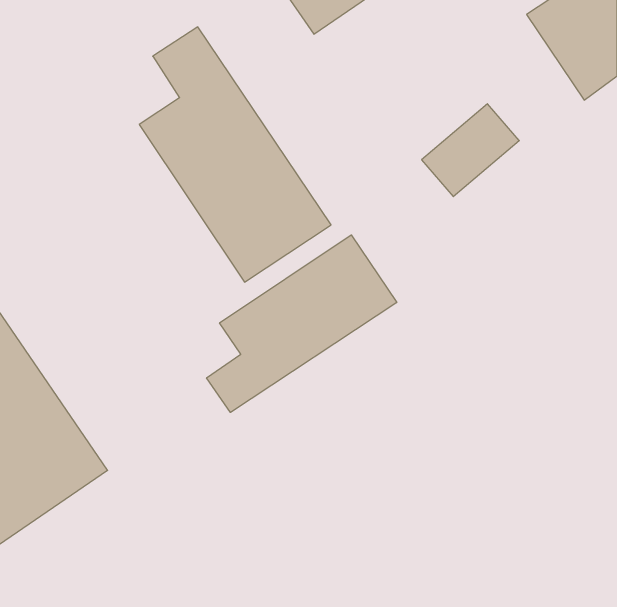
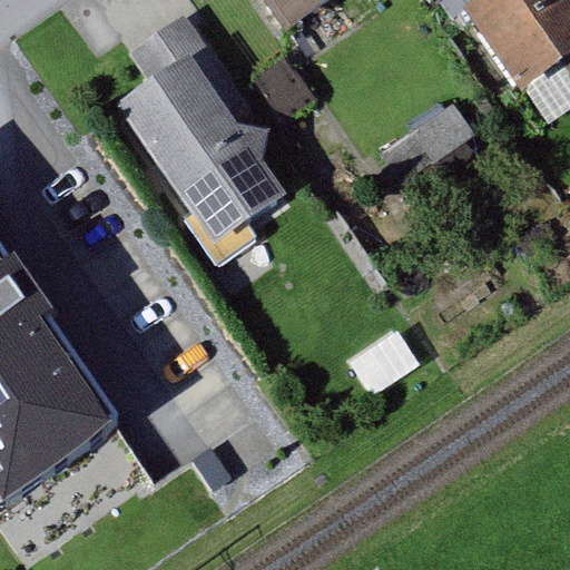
building: [207,235,397,412] -> none

